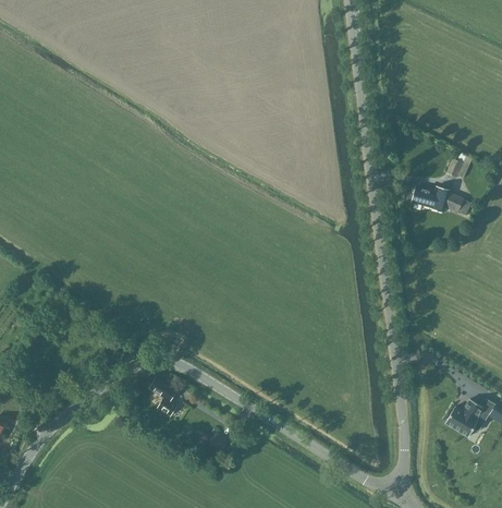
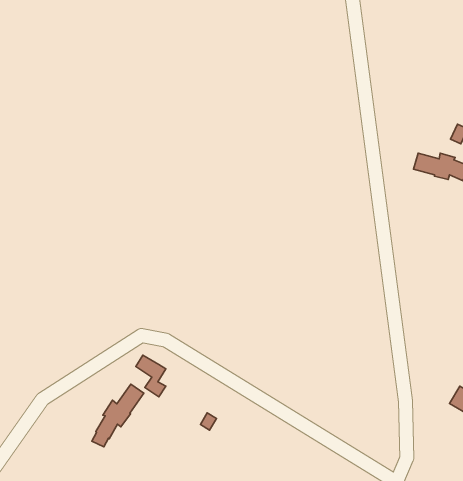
building: none -> [92,384,144,447]

